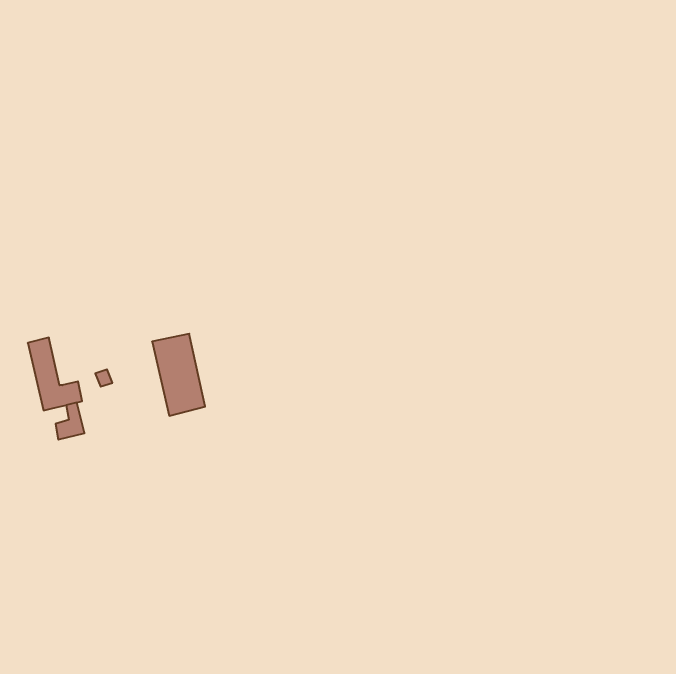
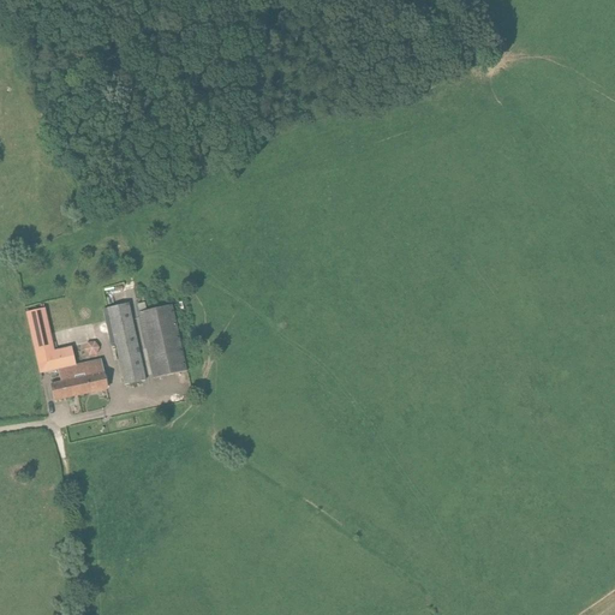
building: none -> [107,300,145,383]
building: none -> [70,359,106,393]

